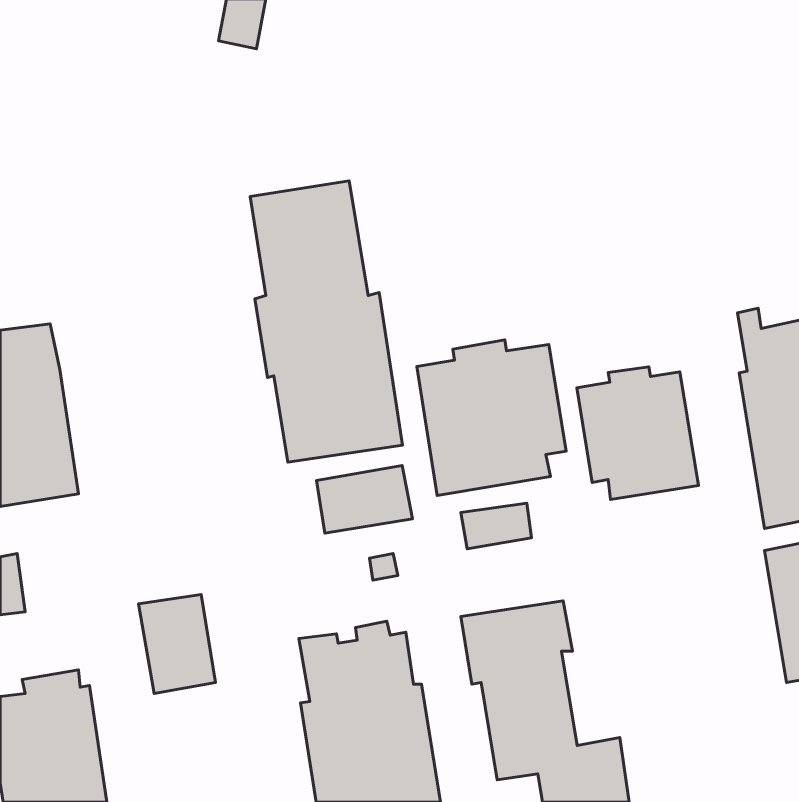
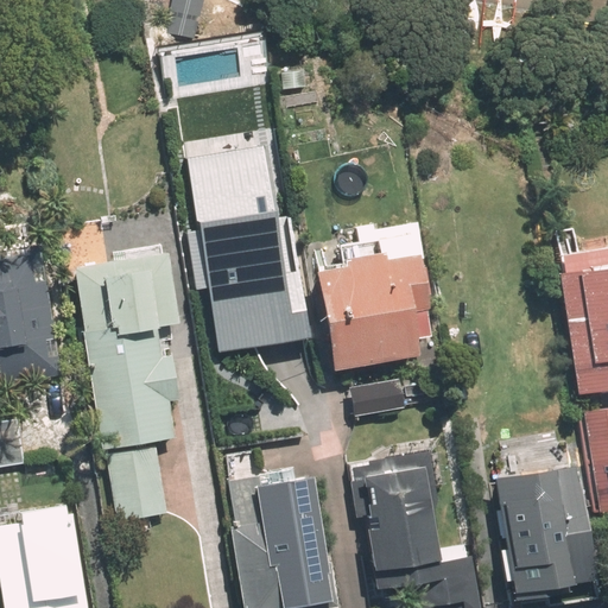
building: none -> [76,246,180,451]
building: [577,367,699,499] -> none
building: [317,465,413,533] -> none
building: none -> [495,463,597,598]

